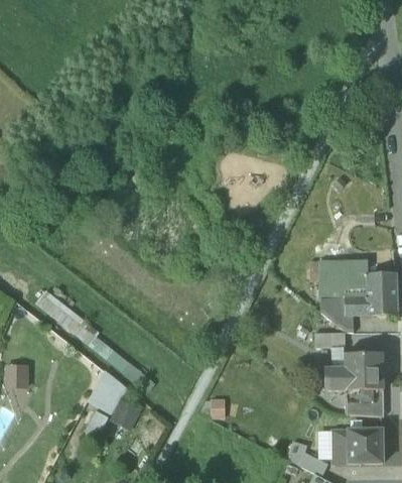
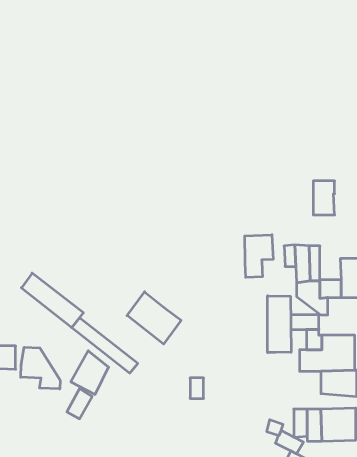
building: none -> [245,235,273,277]
building: [346,261,368,296] -> [313,181,335,215]
building: none -> [127,292,181,344]
building: none -> [268,296,291,353]
building: none -> [21,347,60,389]
building: [109,401,141,432] -> none

